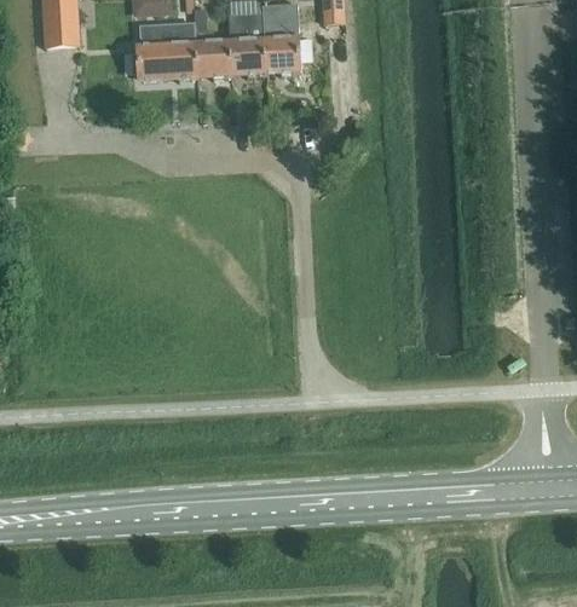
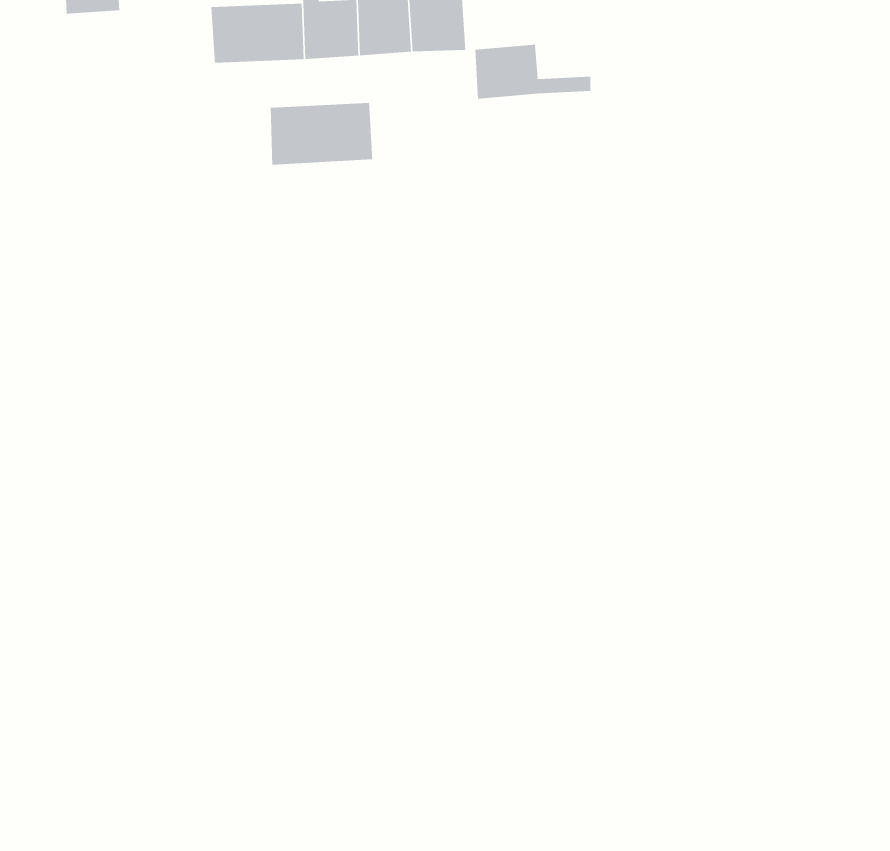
building: none -> [475,44,591,100]
building: none -> [270,102,373,165]

